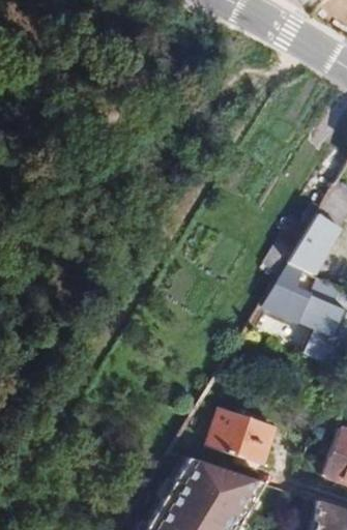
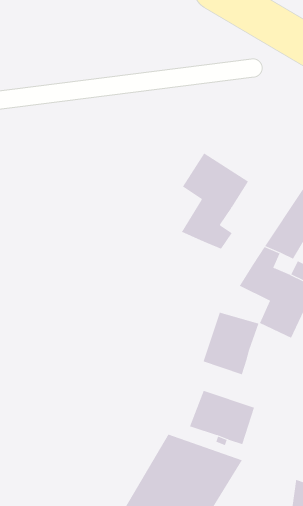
building: none -> [181,153,249,250]
building: none -> [203,312,259,375]

